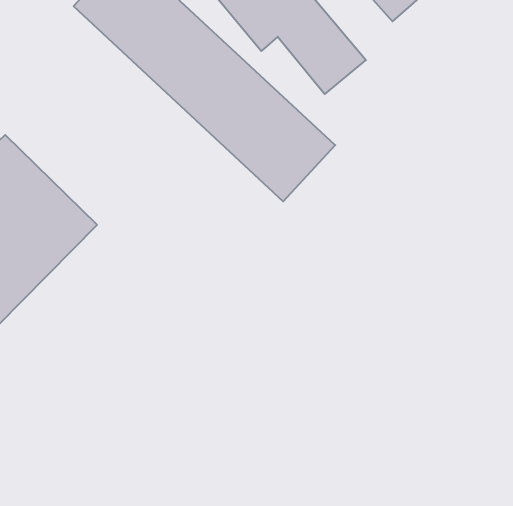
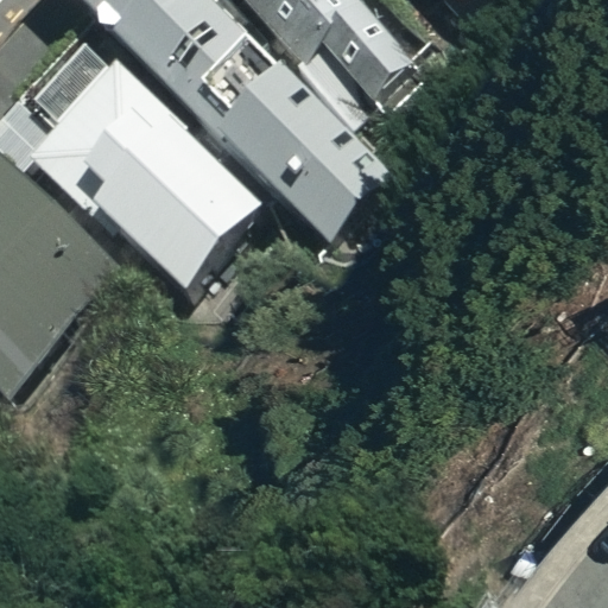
building: none -> [38,63,248,285]

